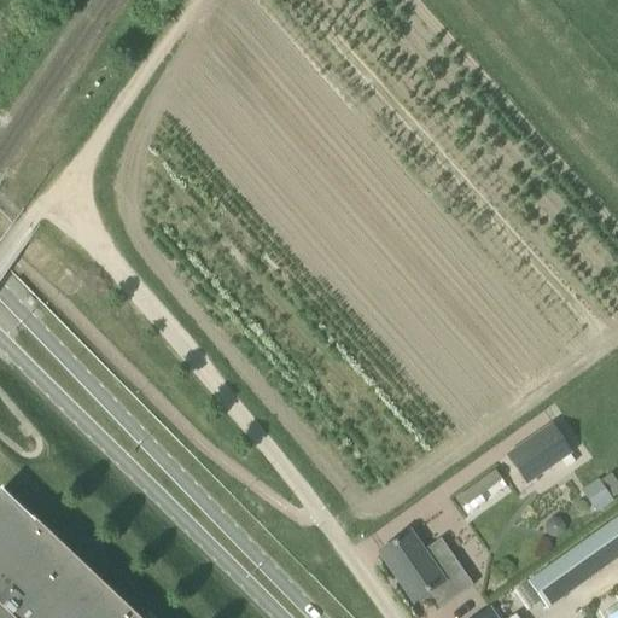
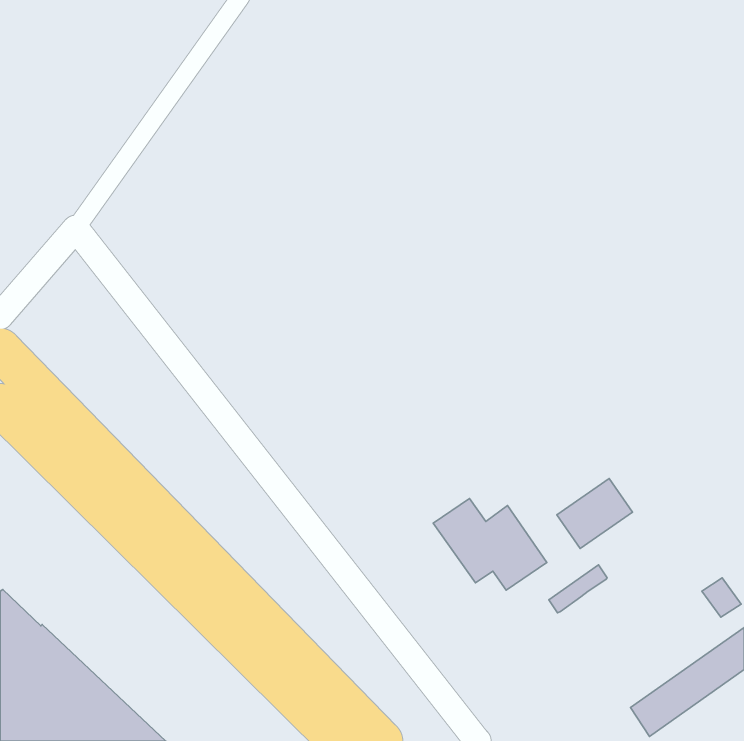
building: [508,424,571,482] -> [557,479,633,548]
building: [380,531,474,607] -> [433,498,547,590]

